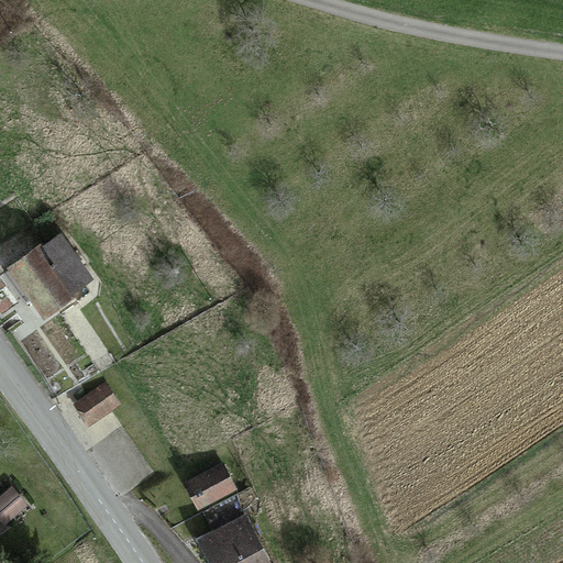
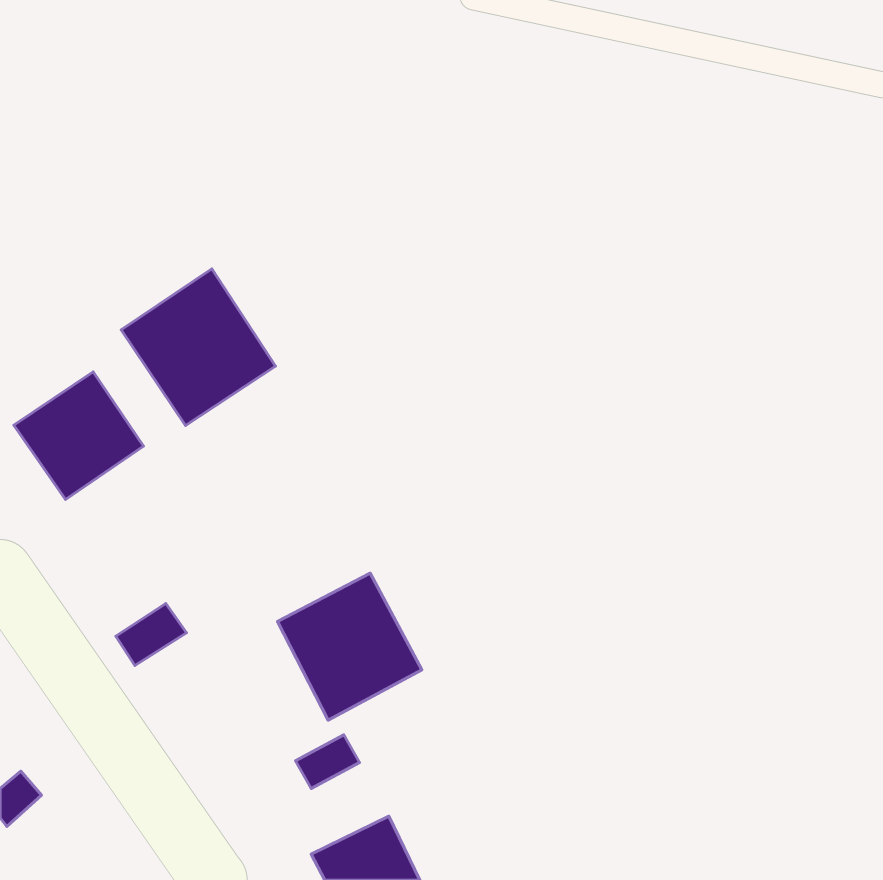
building: none -> [121,269,276,426]
building: none -> [277,573,422,720]

